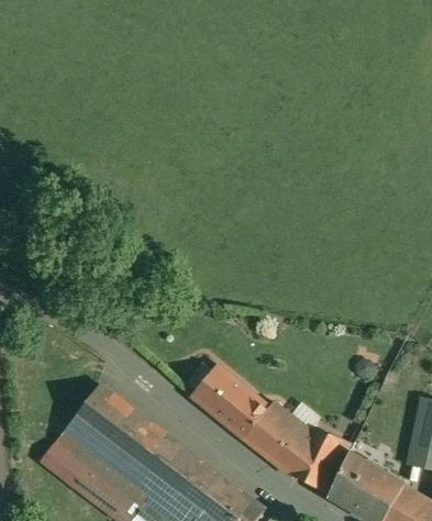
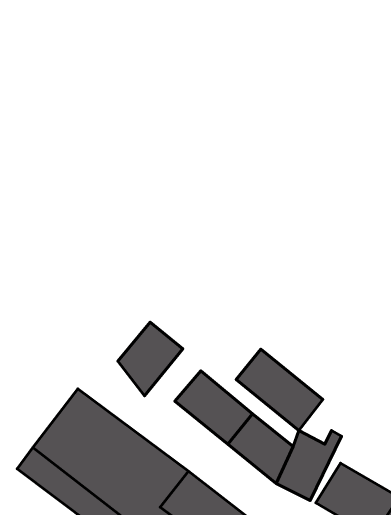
building: none -> [118,322,183,396]
building: none -> [236,349,323,431]

